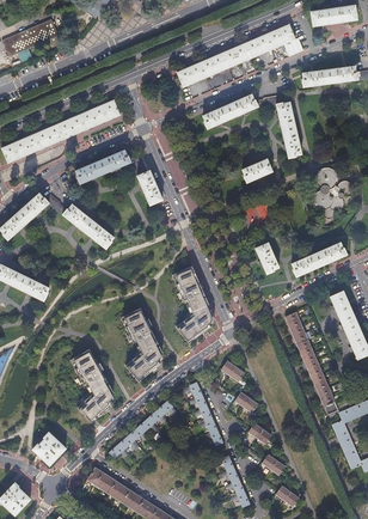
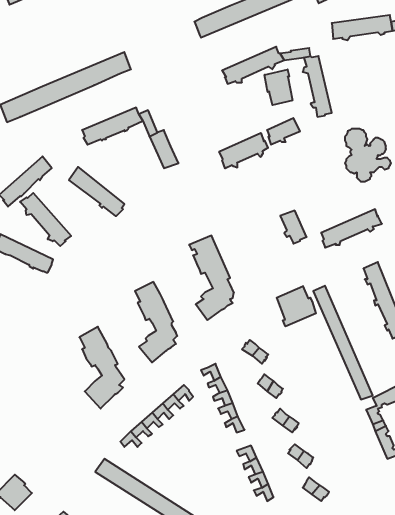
building: none -> [265,69,292,105]
building: none -> [219,133,268,168]
building: none -> [20,193,71,246]
building: none -> [277,286,316,326]
building: [32,432,66,465] -> none

